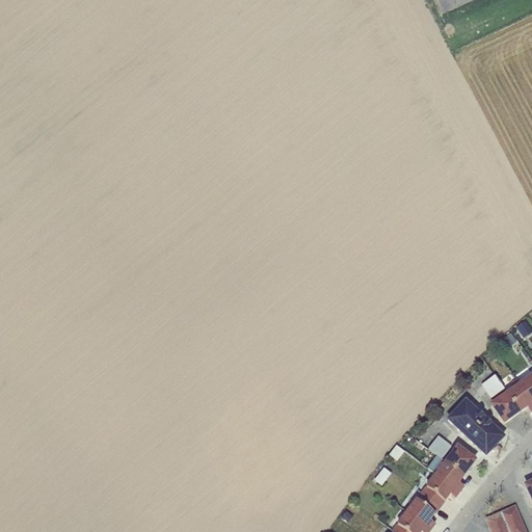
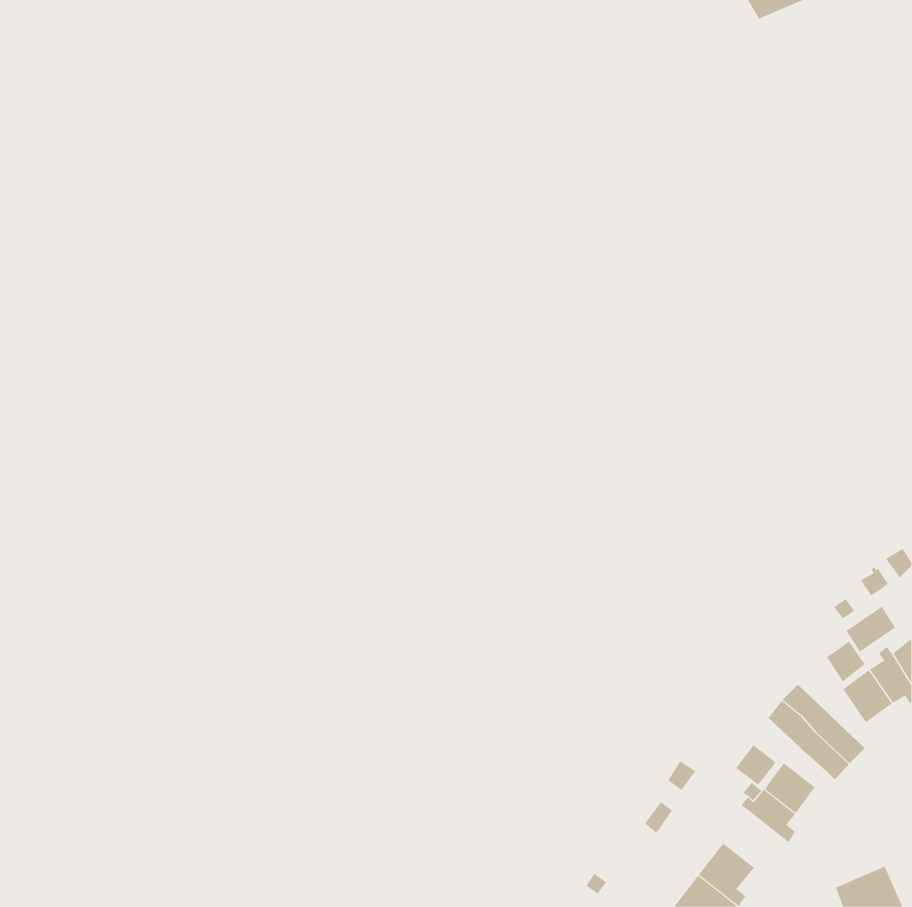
building: none -> [846,606,896,653]
building: [421,472,459,505] -> none

